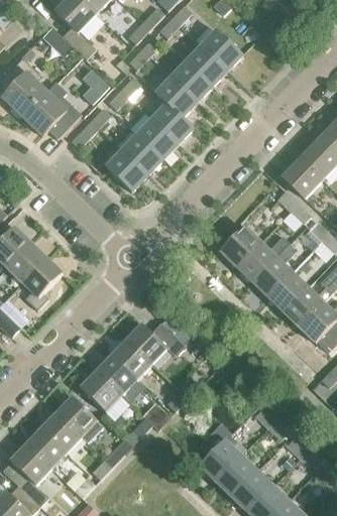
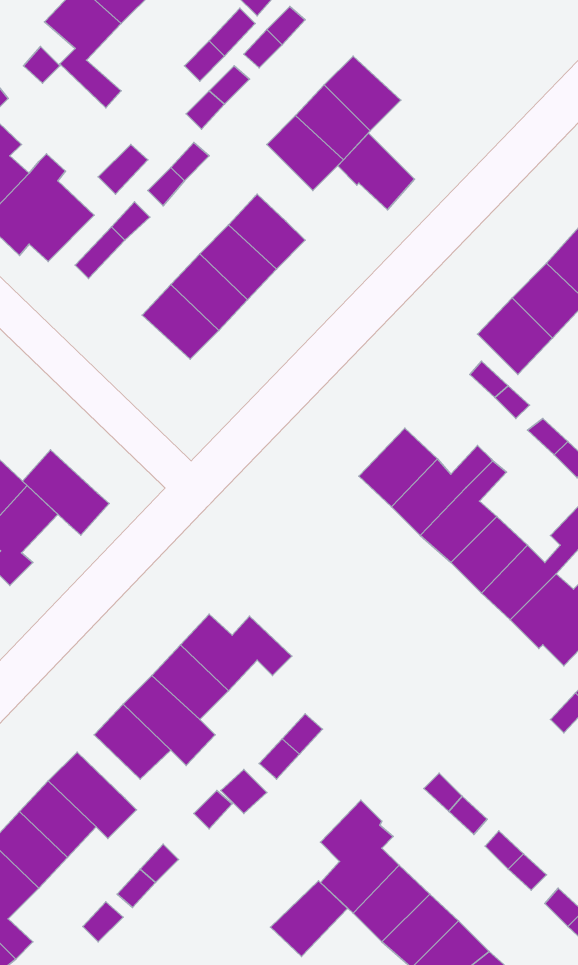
building: [155,77,196,117] -> [338,133,414,210]
building: none -> [23,450,109,535]
building: none -> [271,881,348,957]

